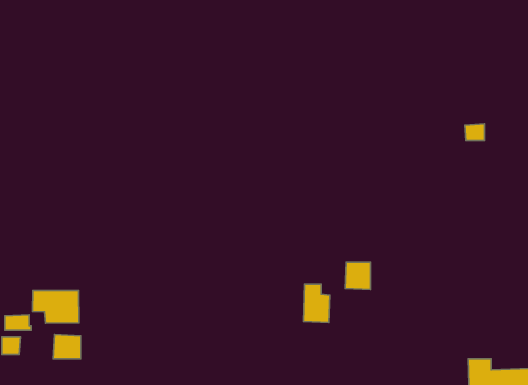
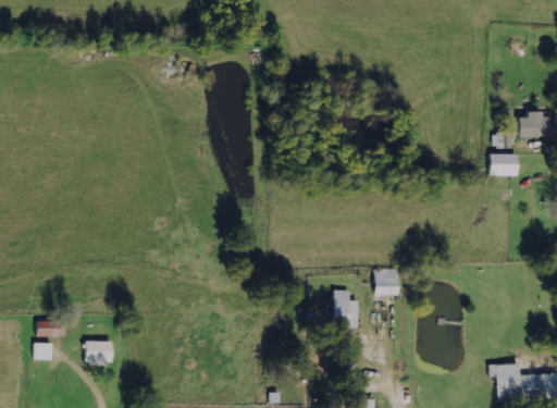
building: none -> [518,113,549,137]
building: none -> [487,153,517,176]
building: [32,291,79,323] -> none

